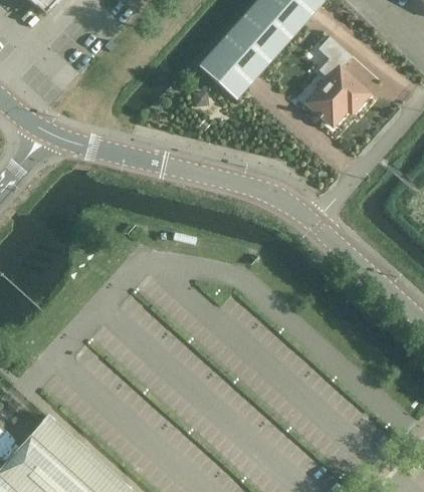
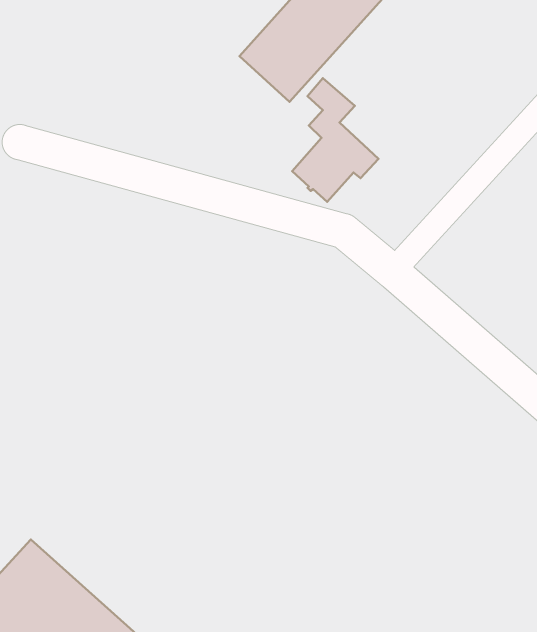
building: [307,35,370,125] -> [292,78,378,202]

